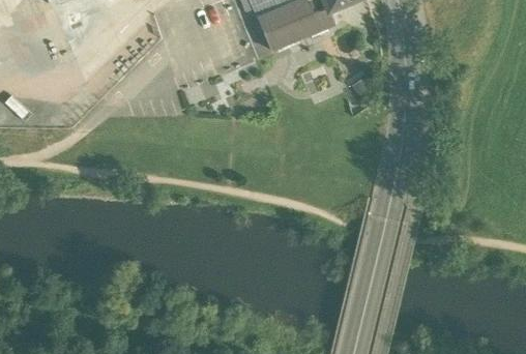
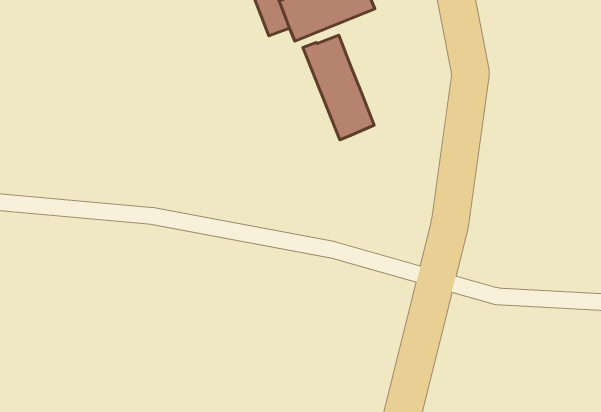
building: none -> [303,35,374,140]

